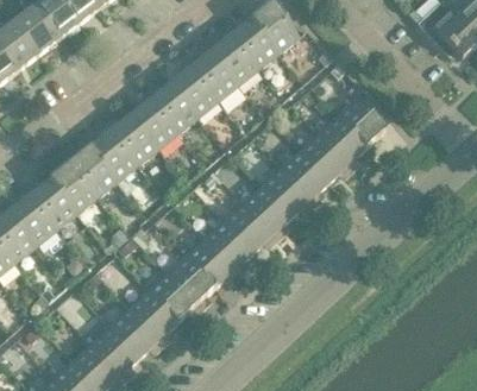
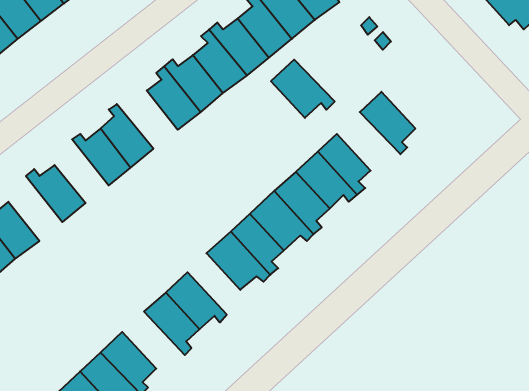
building: [337,97,387,147] -> none
building: [105,114,158,165] -> none
building: [297,133,353,184] -> [271,60,335,118]
building: [50,157,98,213] -> none
building: [10,189,57,246] -> none
building: [167,257,213,310] -> none
building: [109,308,164,358] -> none

